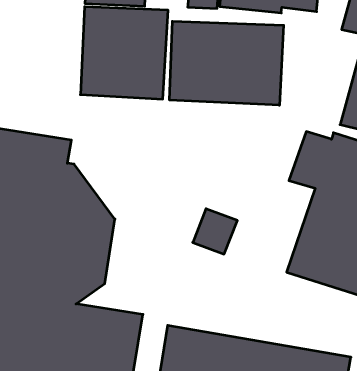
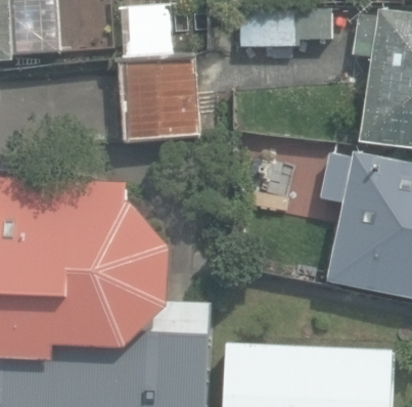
building: [170,21,284,105] -> none

